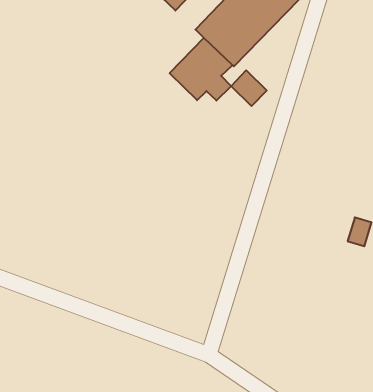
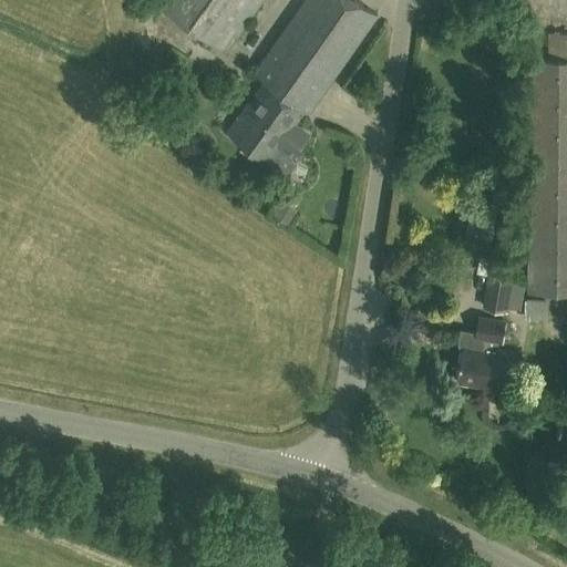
building: [231,70,267,106] -> none
building: none -> [458,318,514,390]

